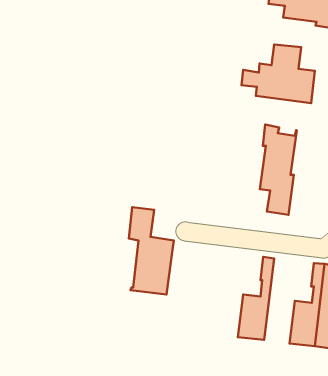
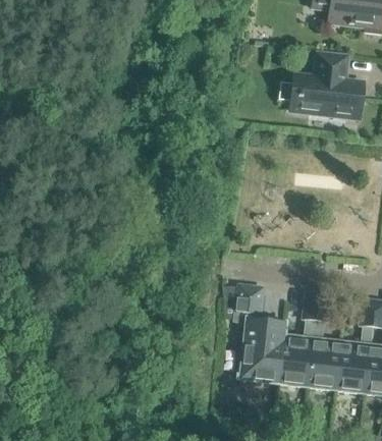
building: [260,125,297,215] -> none
building: [129,207,174,295] -> [234,283,285,382]
building: none -> [307,293,341,389]

